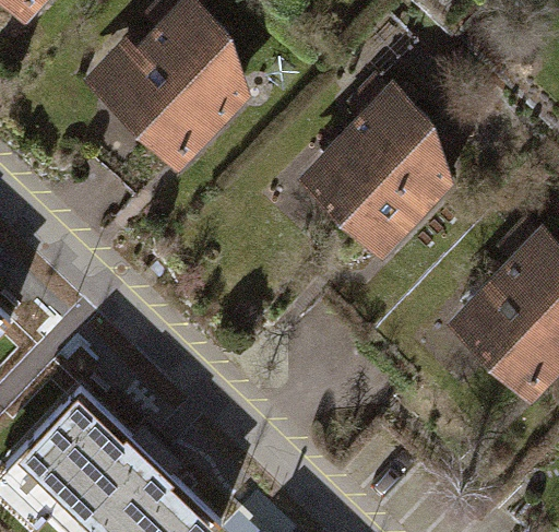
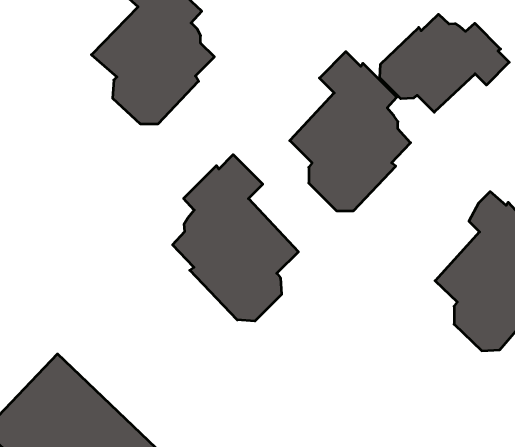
building: none -> [380,14,509,112]
building: none -> [173,155,298,321]

